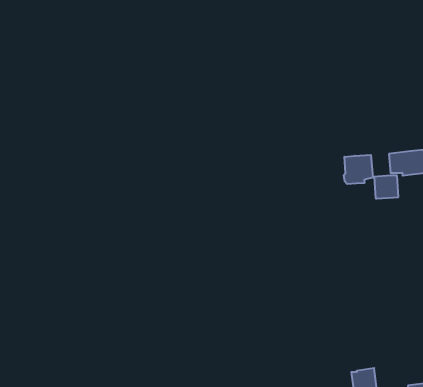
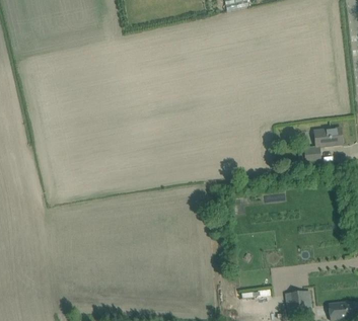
building: [344,155,373,184] -> none

